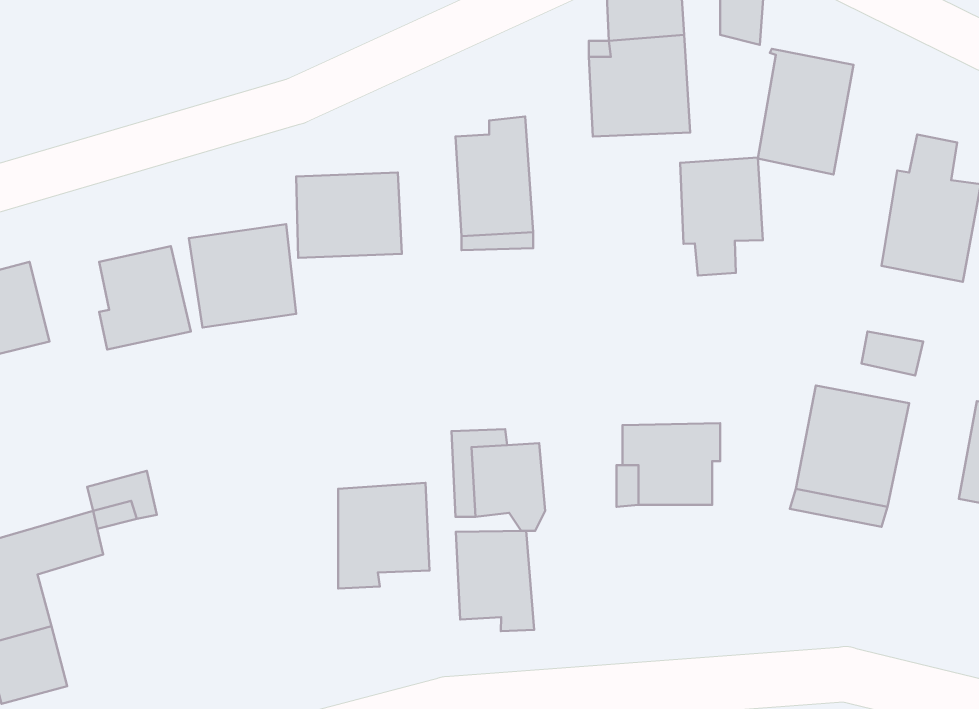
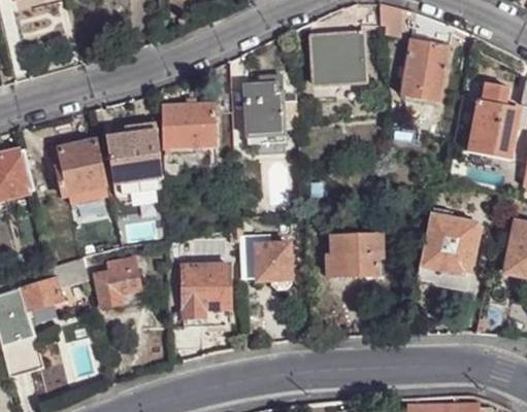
building: [680,157,763,276] -> none
building: none -> [95,255,139,306]
building: [456,531,534,631] -> none

